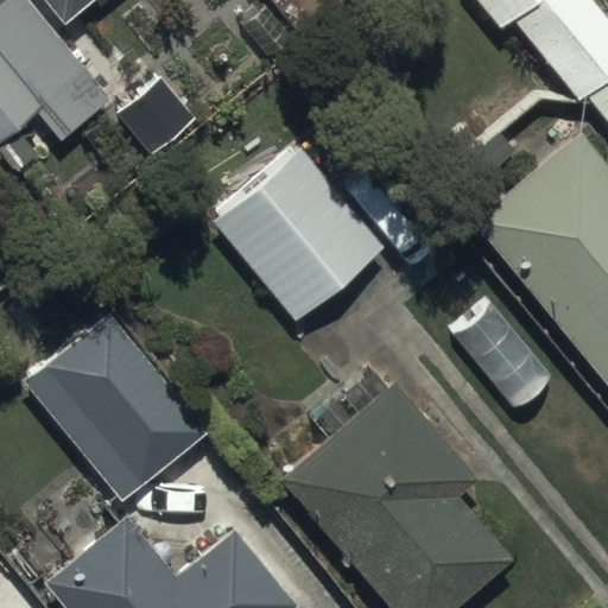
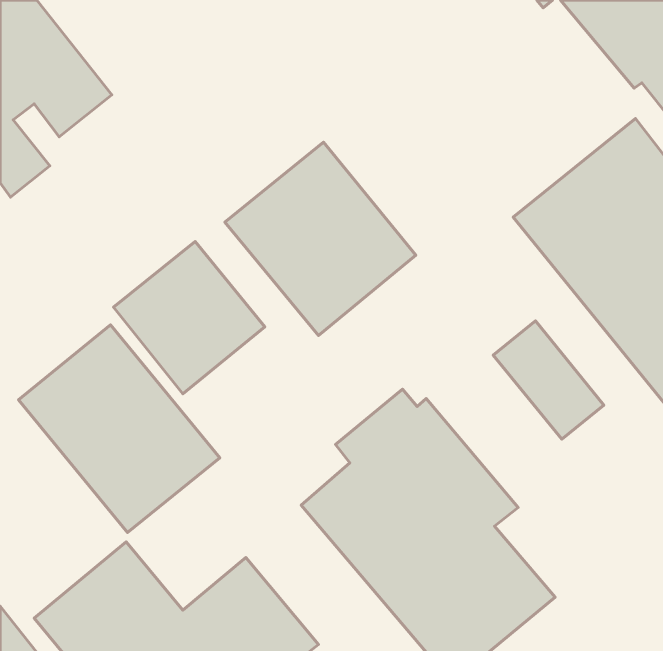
building: none -> [113,241,265,394]

